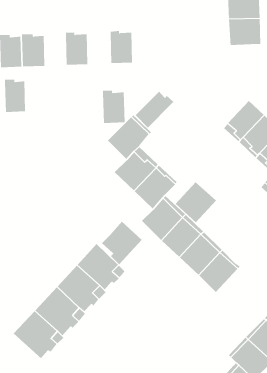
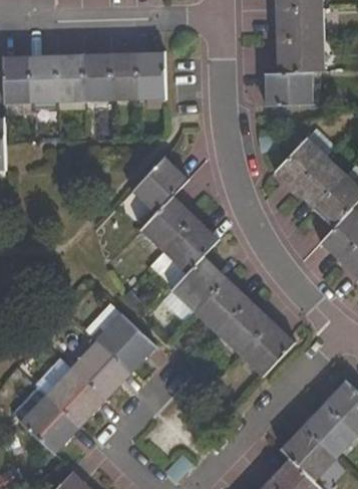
building: none -> [268,72,309,105]
building: [4,79,26,112] -> [57,58,83,98]
building: [102,90,125,123] -> [109,56,137,96]
building: [135,91,174,128] -> none
building: [175,182,217,223] -> none
building: [101,221,142,265] -> none

